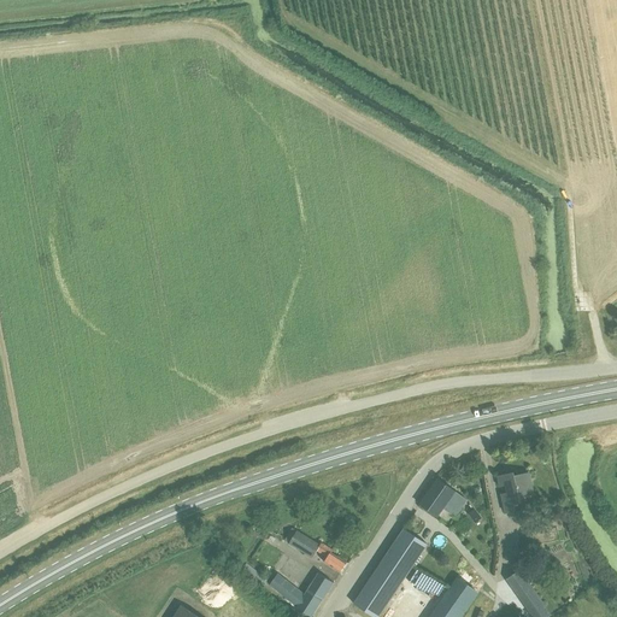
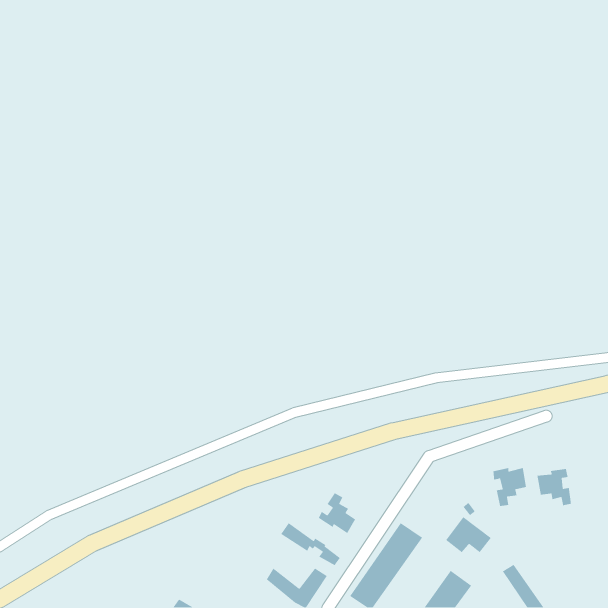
building: none -> [536,468,572,506]
building: [419,478,466,516] -> [445,516,492,553]
building: none -> [318,492,356,534]

